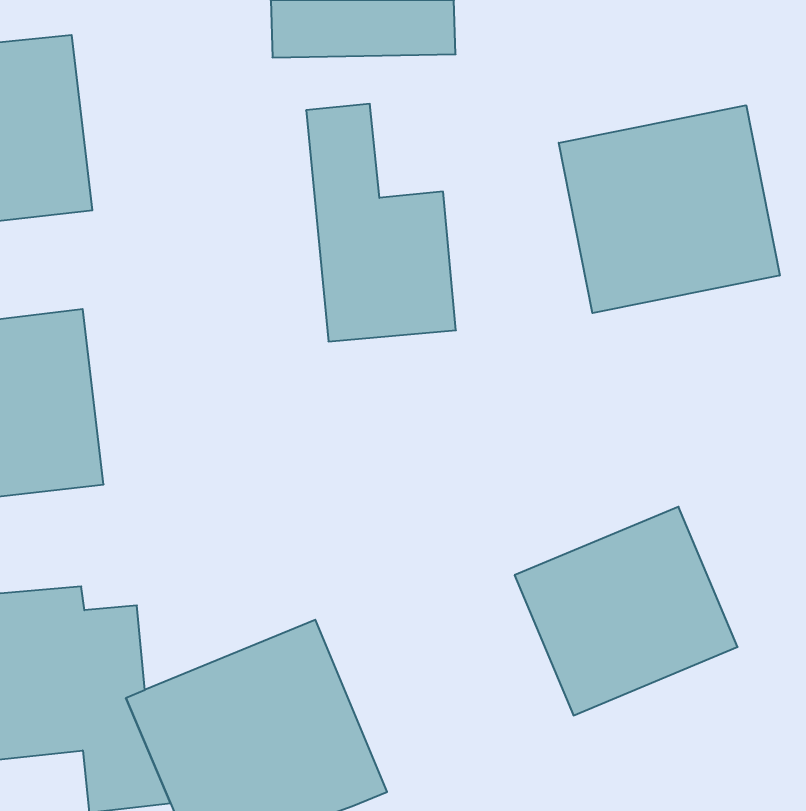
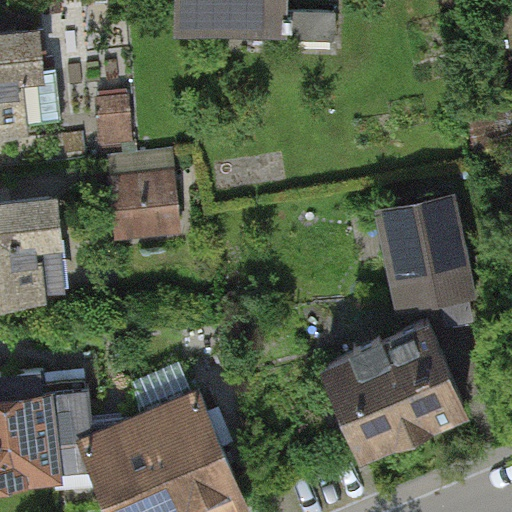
building: [306,104,456,341] -> [89,95,183,244]
building: [559,105,780,313] -> none
building: none -> [386,194,470,318]

